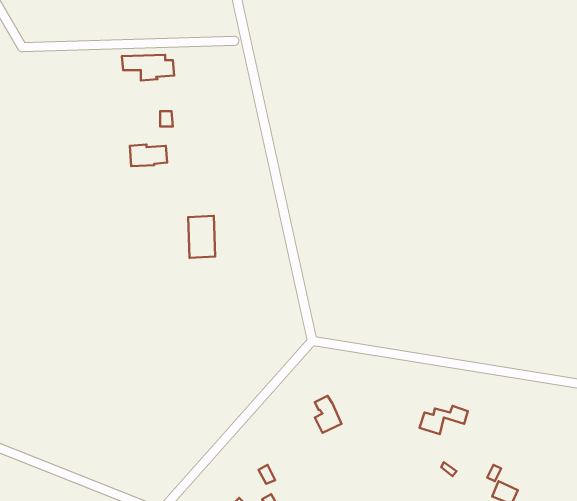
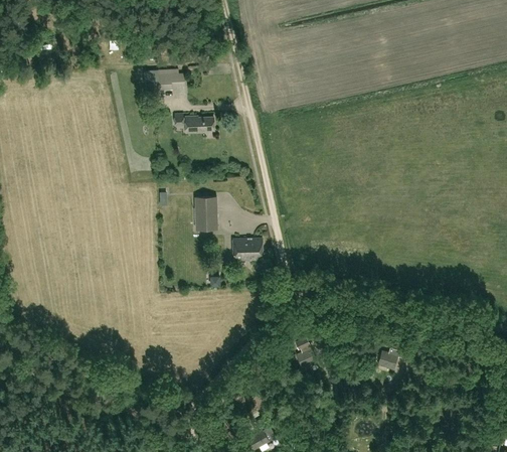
building: [130,145,167,166] -> [184,116,213,133]
building: none -> [232,239,262,261]

